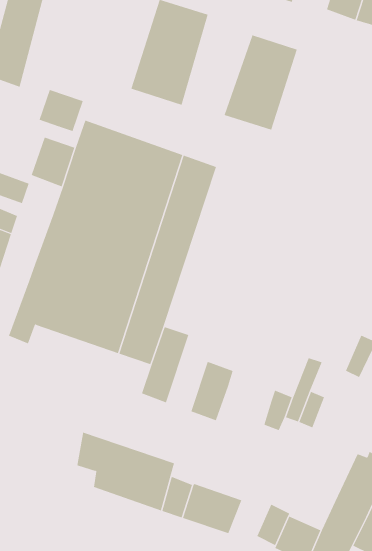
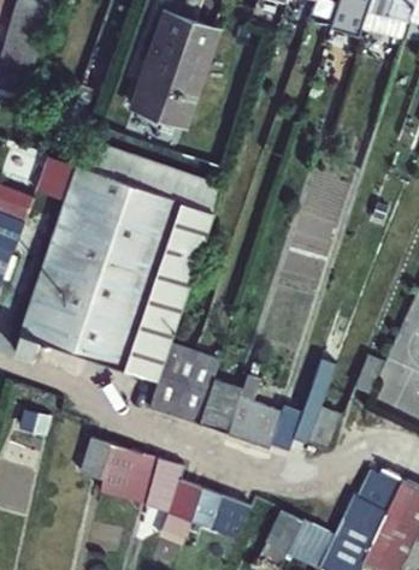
building: [224,34,298,131] -> none
building: [39,89,83,132] -> none
building: none -> [172,348,219,424]
building: none -> [223,399,277,447]

